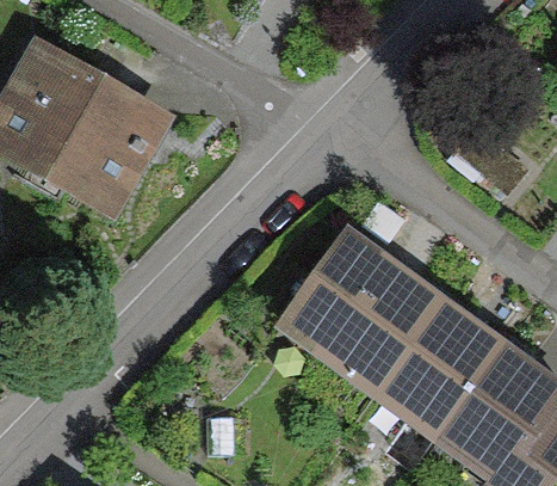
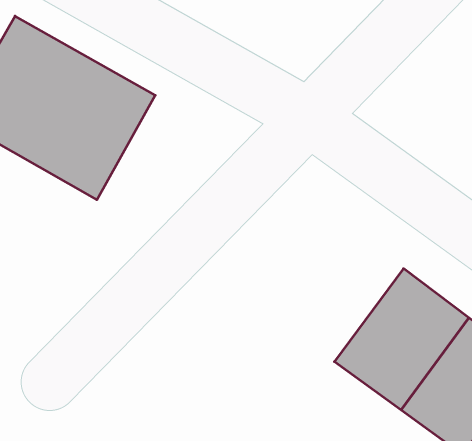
building: [277,227,437,389] -> none

